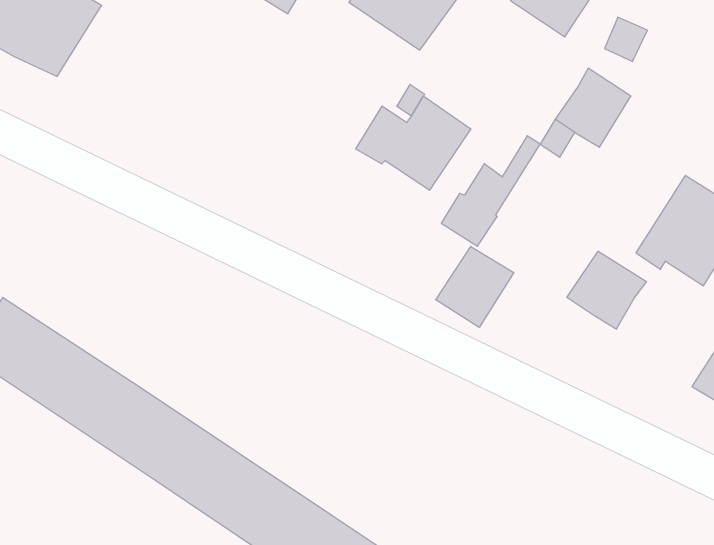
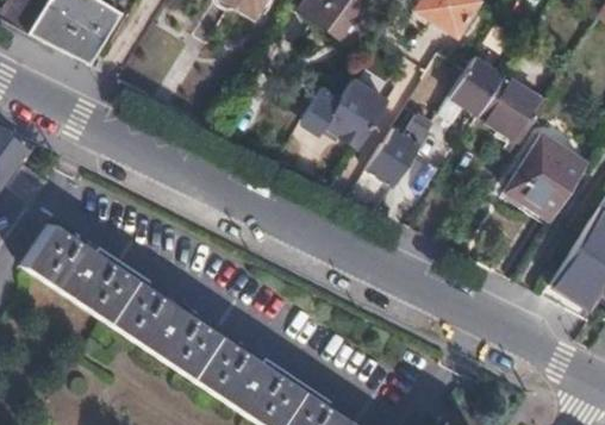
building: none -> [481,76,544,138]
building: [436,246,514,327] -> none
building: [567,251,646,329] -> none

